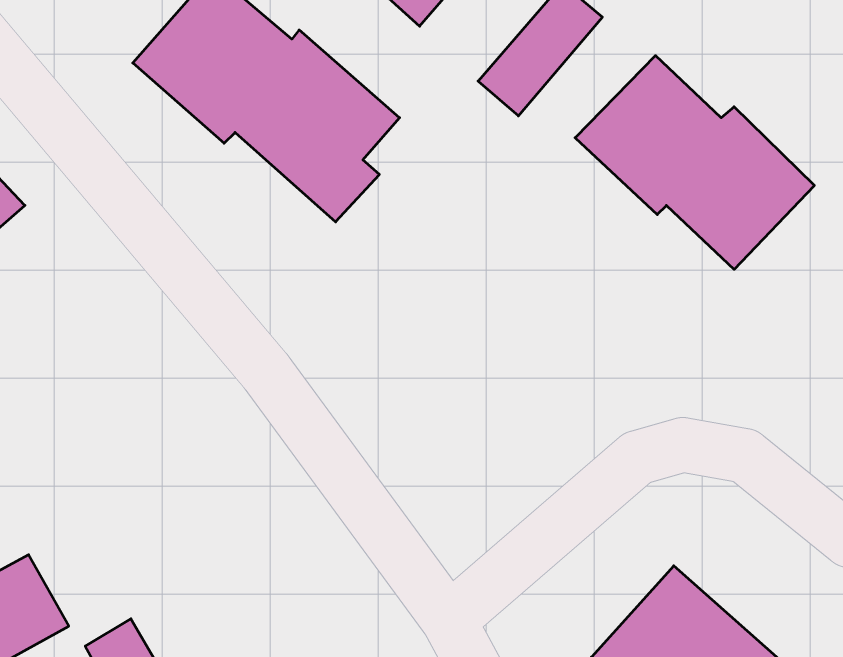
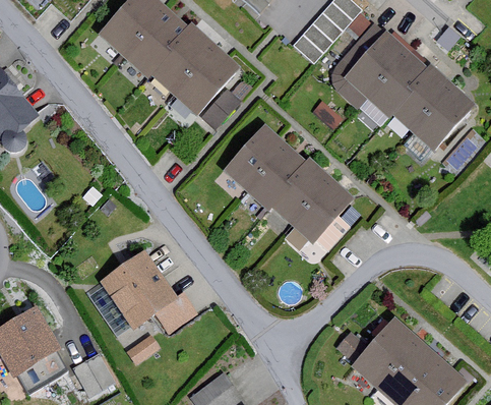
building: none -> [224,124,355,244]
building: none -> [103,252,190,331]

